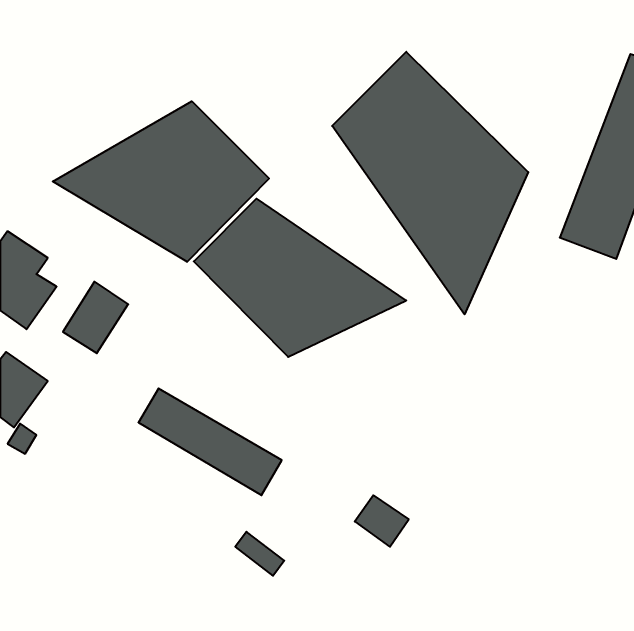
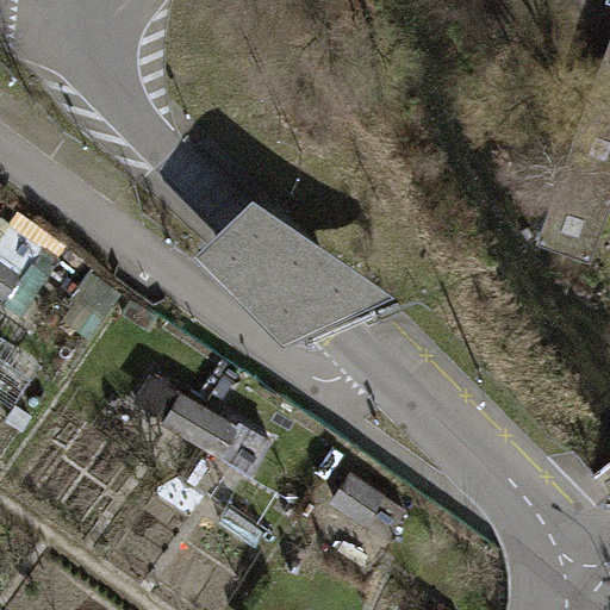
building: [332,52,528,314] -> none
building: [53,101,269,262] -> none

